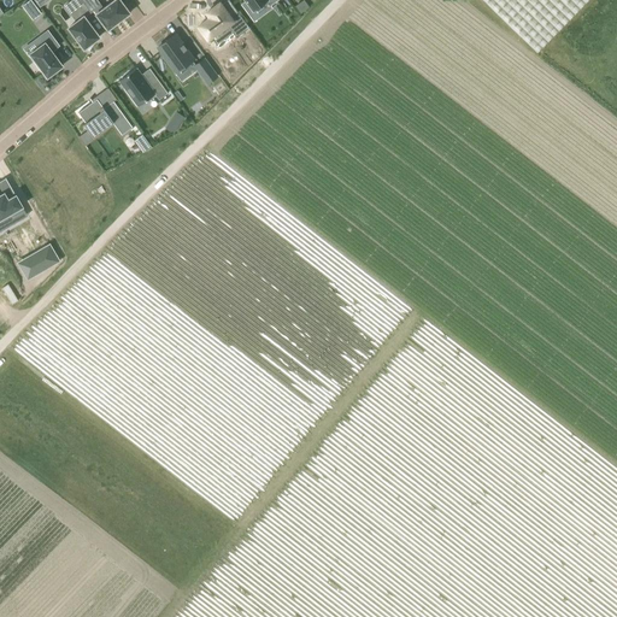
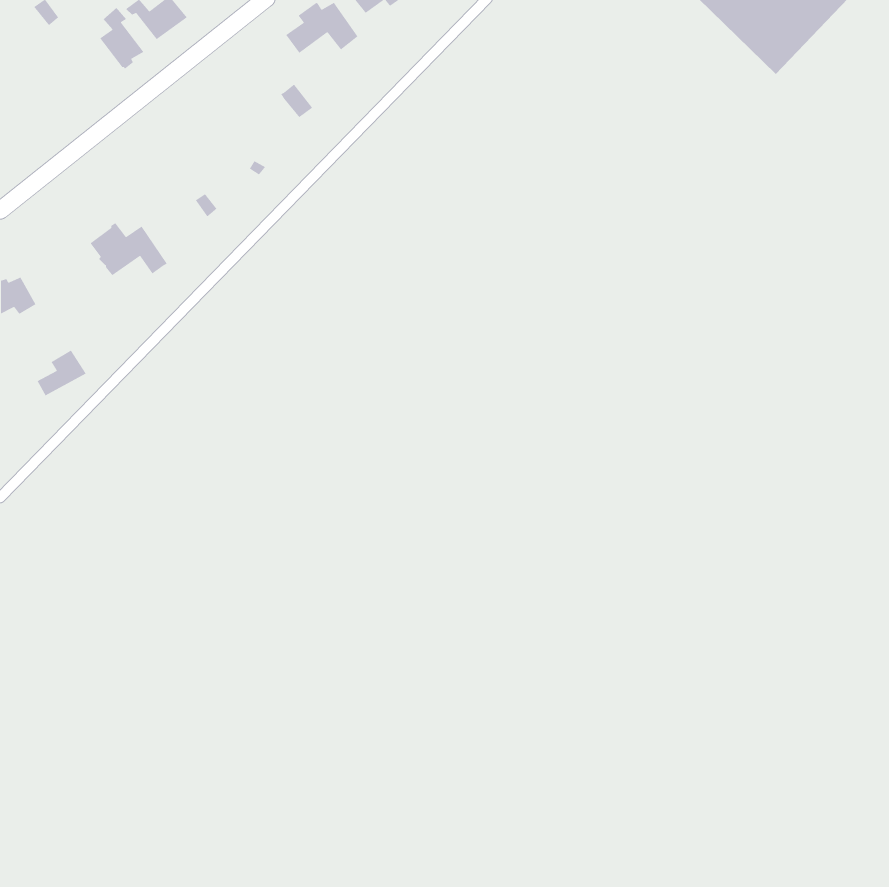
building: [30,30,63,76] -> none
building: [158,33,194,71] -> none
building: [119,66,168,105] -> none
building: [78,98,133,135] -> [89,222,168,276]

